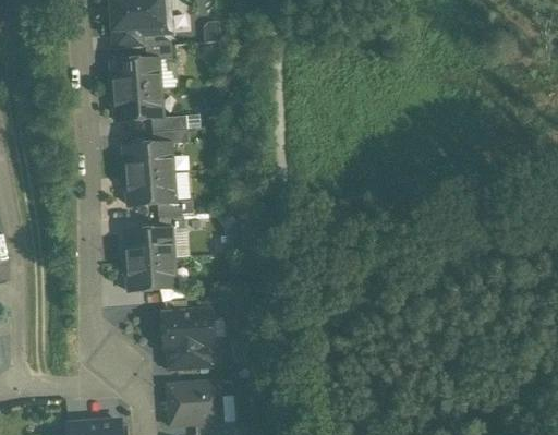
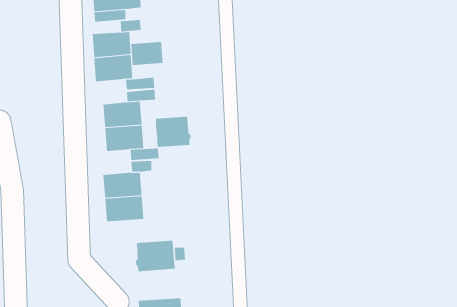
building: none -> [131,41,163,66]
building: none -> [155,116,191,148]
building: [169,346,209,371] -> none

